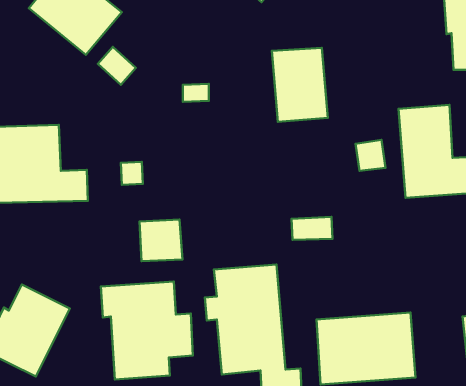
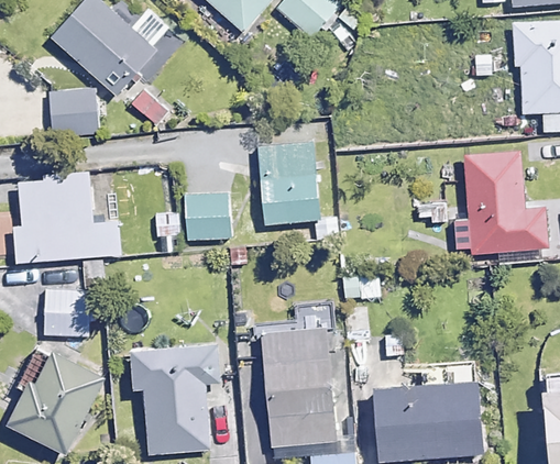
building: none -> [53,88,99,136]
building: [272,48,328,122] -> [259,143,320,224]
building: [140,219,183,261] -> [186,196,233,242]
building: none -> [46,290,91,336]

